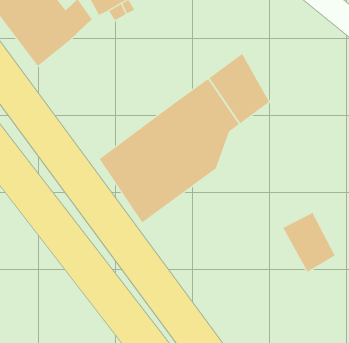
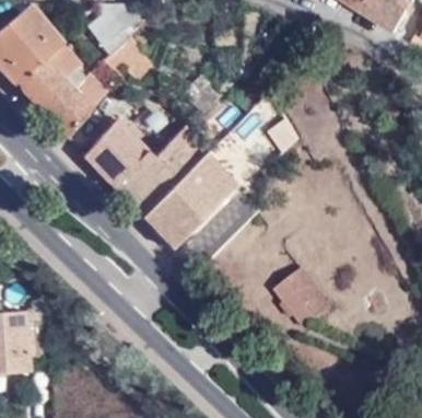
building: none -> [82,120,207,216]
building: [283,212,335,273] -> [271,267,327,327]

